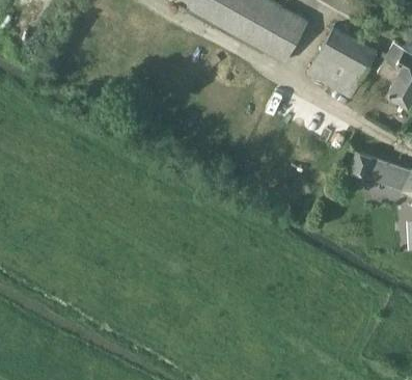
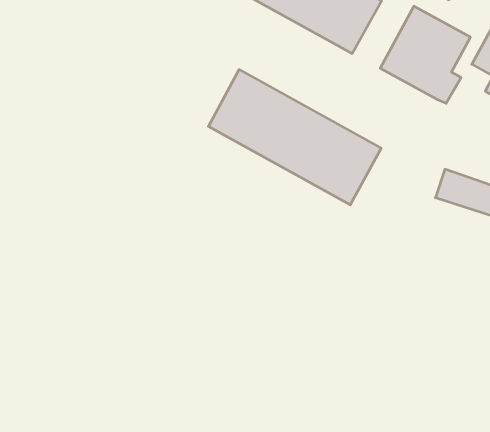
building: none -> [208,70,381,205]

